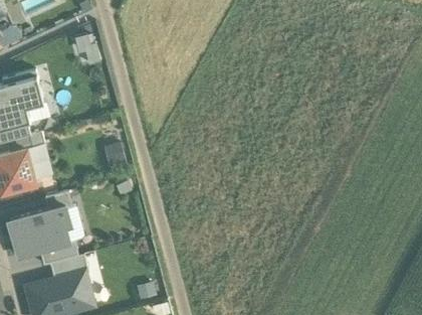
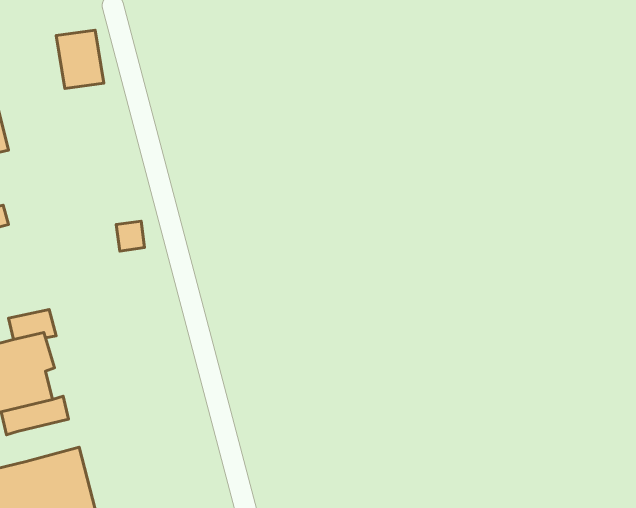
building: [49,256,87,281] -> none

